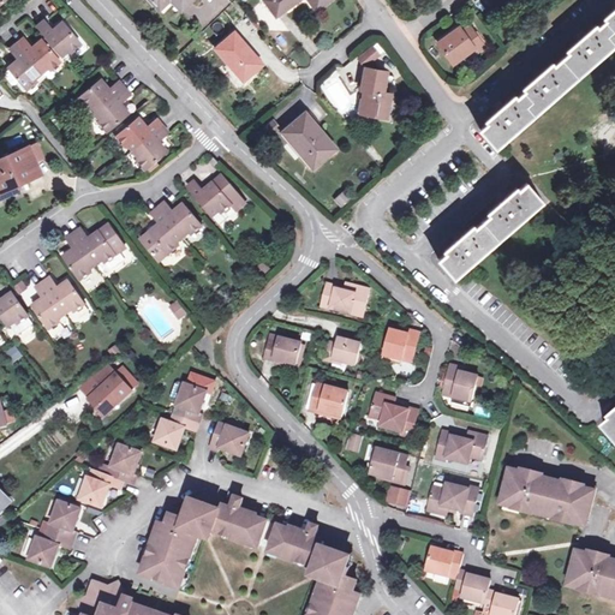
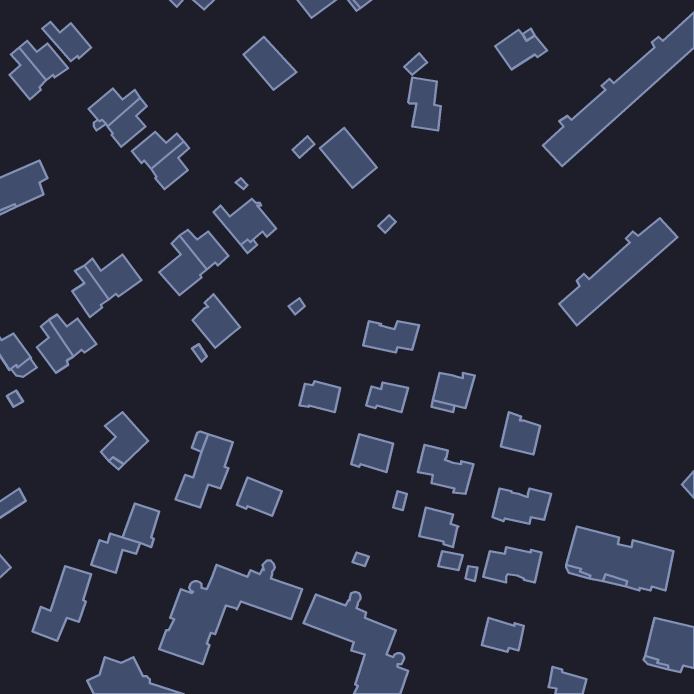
building: [437,183,542,277] -> [559,218,678,326]
building: none -> [193,294,240,348]
building: [454,569,490,602] -> none

